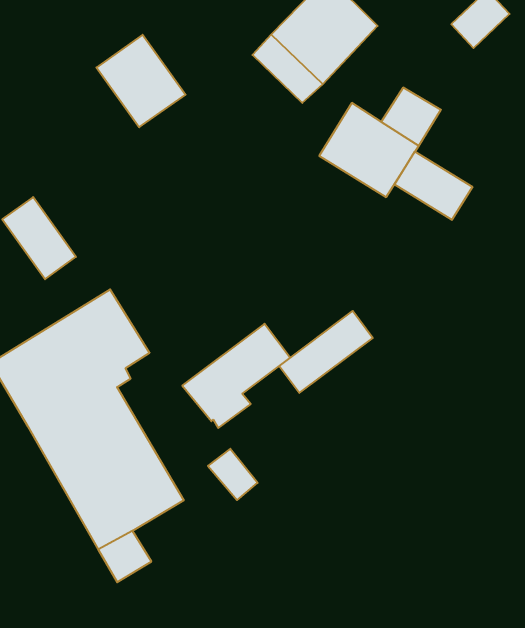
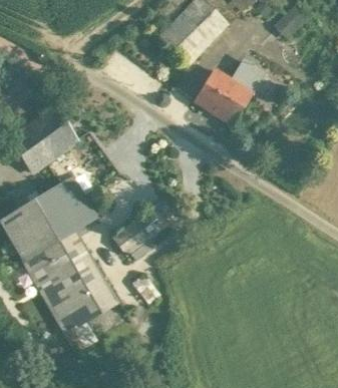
building: [96,35,186,127] -> [25,105,77,159]
building: [394,152,472,220] -> none
building: [279,311,373,393] -> none

